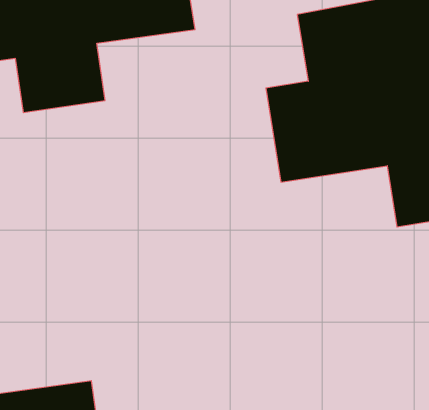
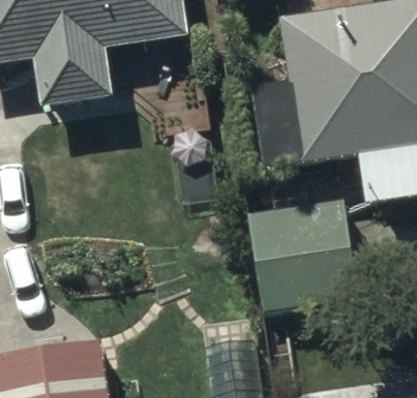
building: none -> [246,196,354,311]

